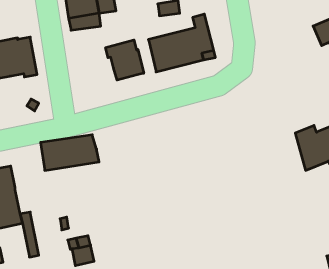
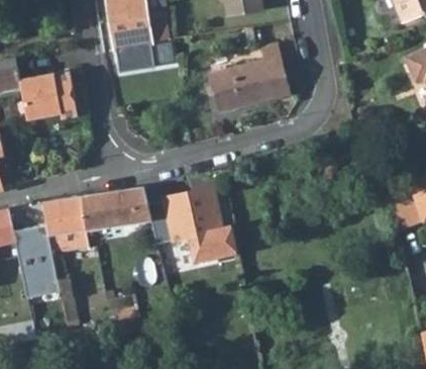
building: [106,40,144,80] -> none
building: none -> [148,186,238,261]
building: none -> [42,196,90,253]

